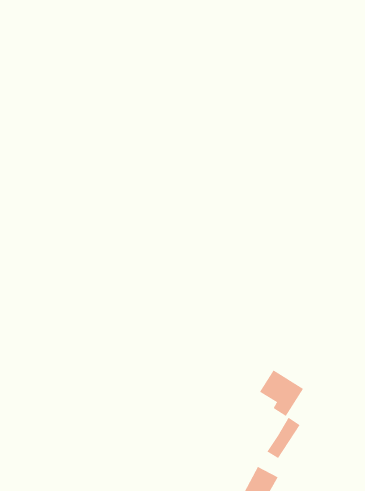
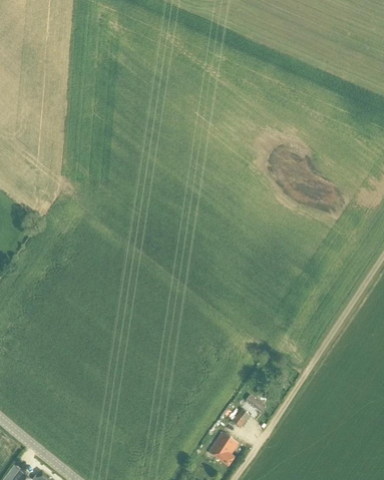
building: [259,370,304,417] -> none

